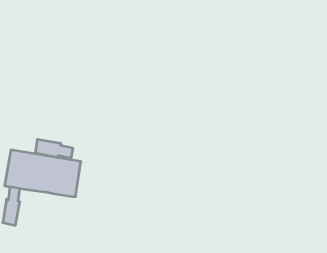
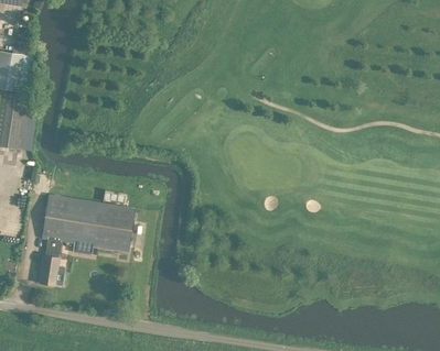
building: [35,139,73,159] -> none

